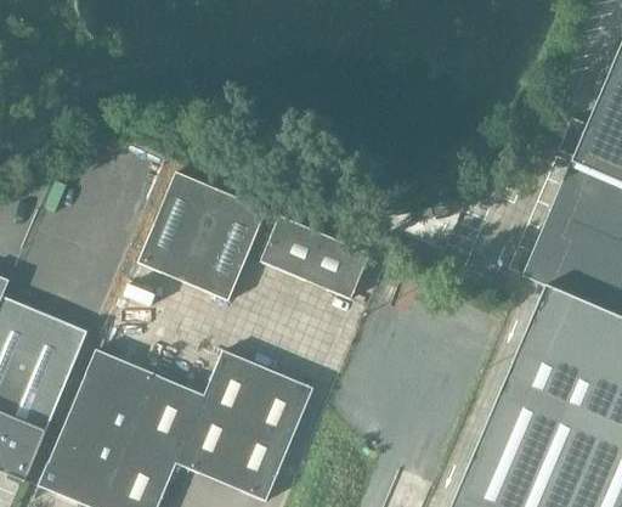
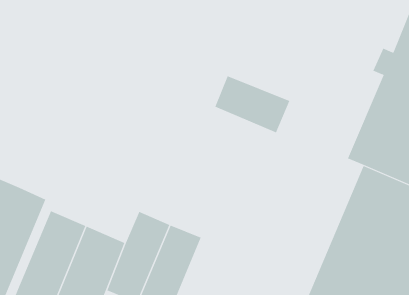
building: [137,174,266,303] -> none
building: [260,218,368,300] -> [215,75,290,133]

